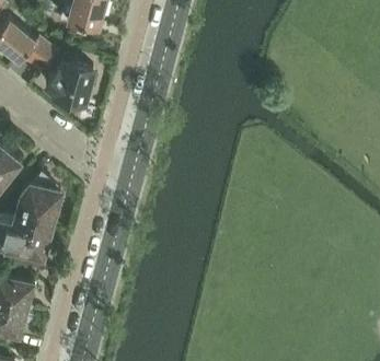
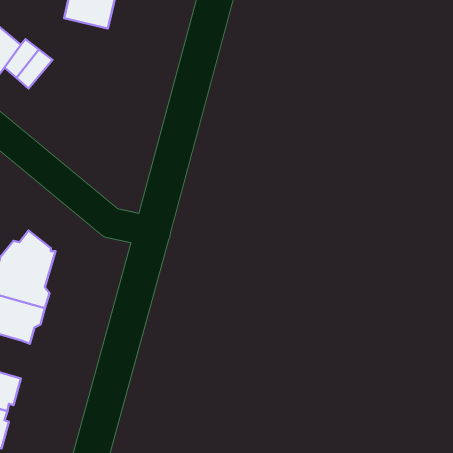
building: [46,61,93,108] -> none

